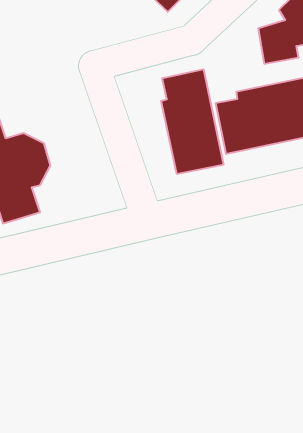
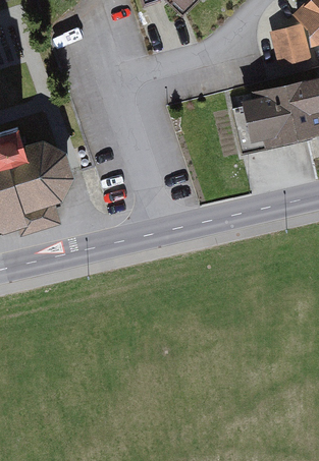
building: [161,69,224,174] -> none

